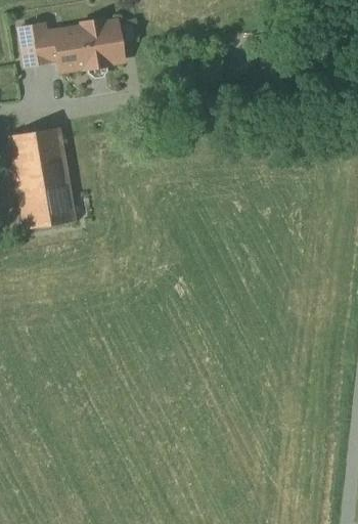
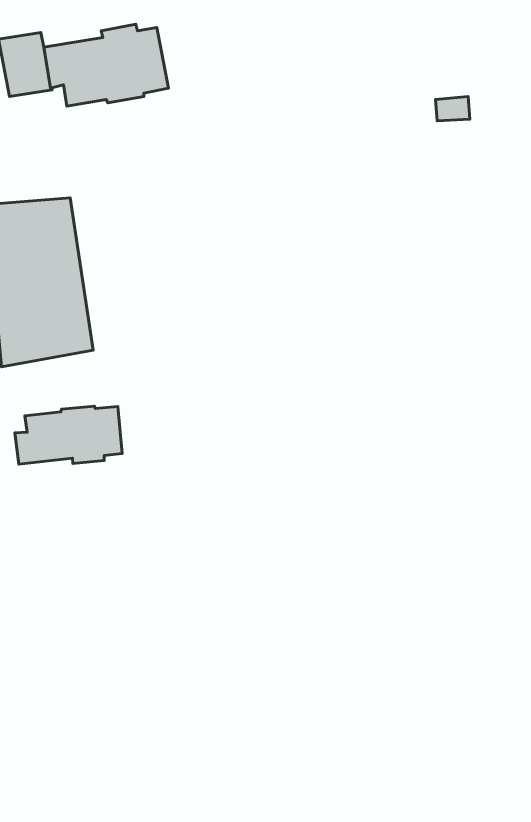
building: none -> [15,406,122,464]

